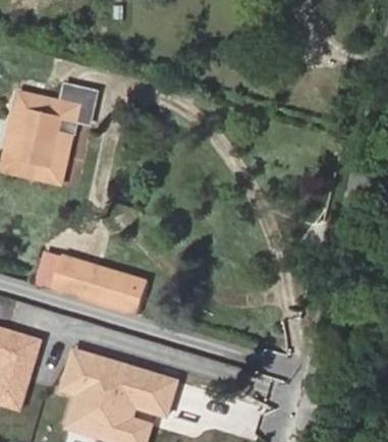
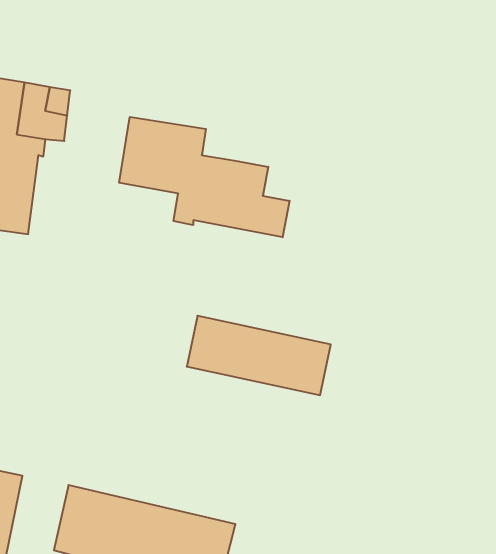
building: none -> [119,117,290,237]
building: [51,254,146,311] -> [187,316,331,395]

